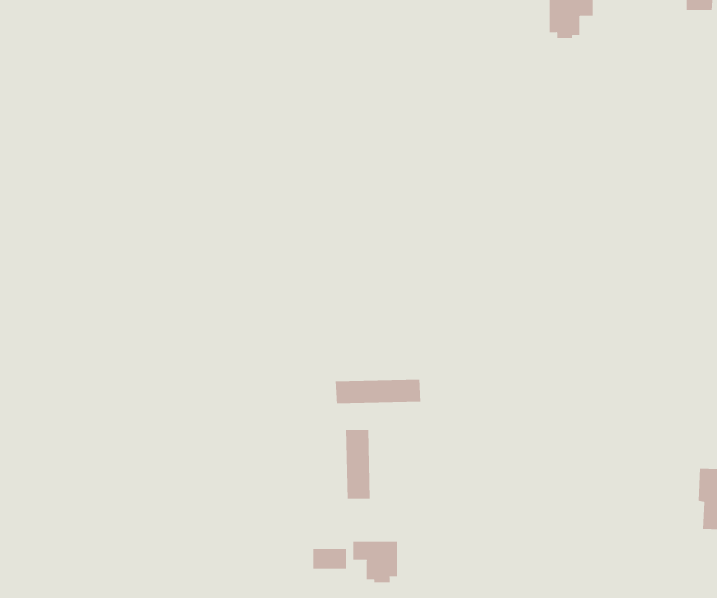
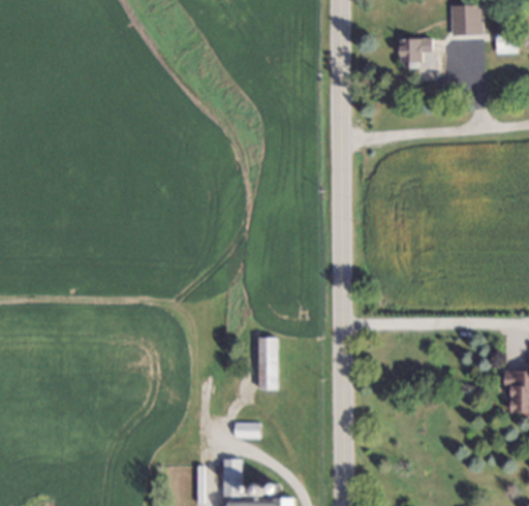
building: [335,379,421,404] -> none
building: [353,541,398,583] -> none

